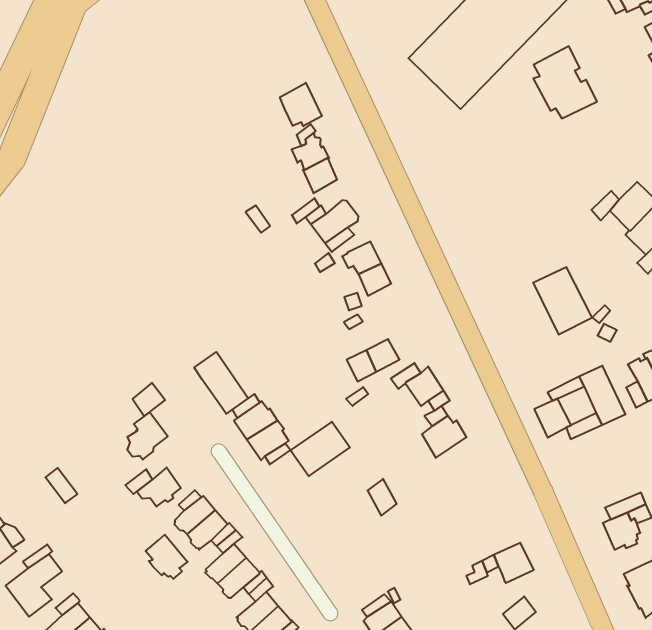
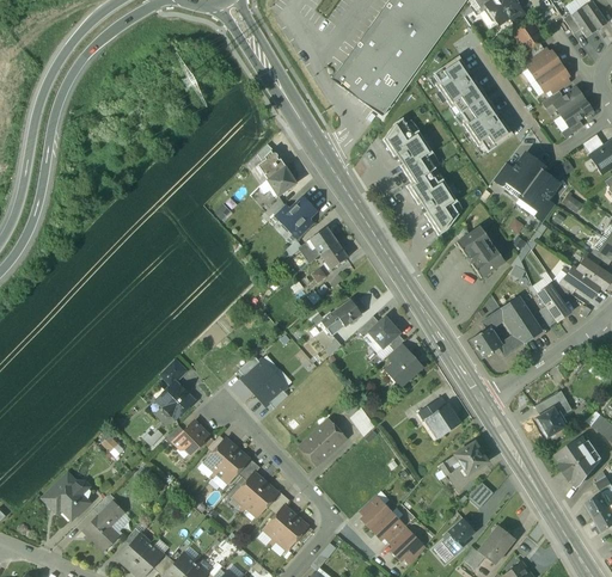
building: [280,83,322,126] -> none
building: none -> [460,96,513,152]
building: none -> [382,117,458,235]
building: [194,352,248,414] -> none
building: [290,422,350,476] -> [299,421,344,465]
building: none -> [418,398,459,438]
building: [146,535,188,579] -> none

